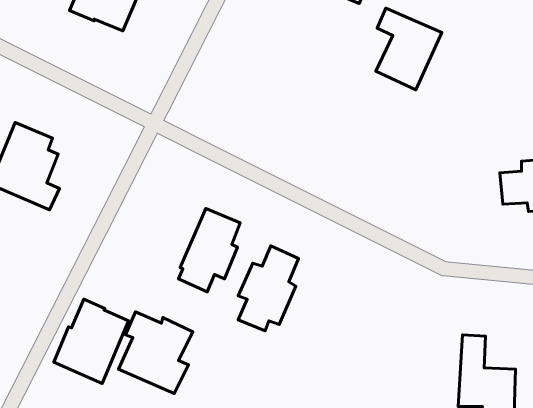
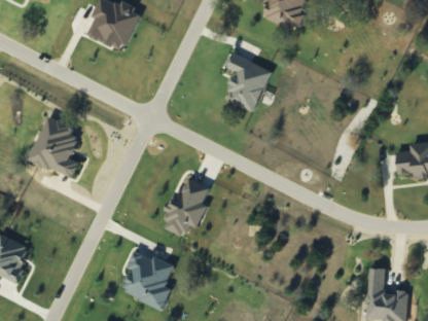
building: [376,8,442,90] -> [224,52,272,111]
building: [238,246,299,331] -> none
building: [54,299,128,383] -> none

